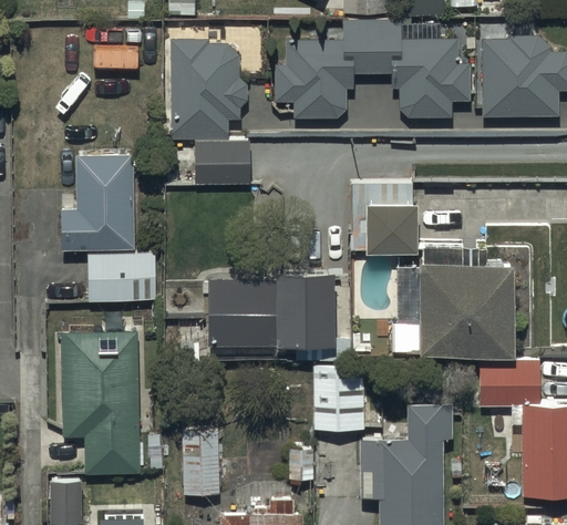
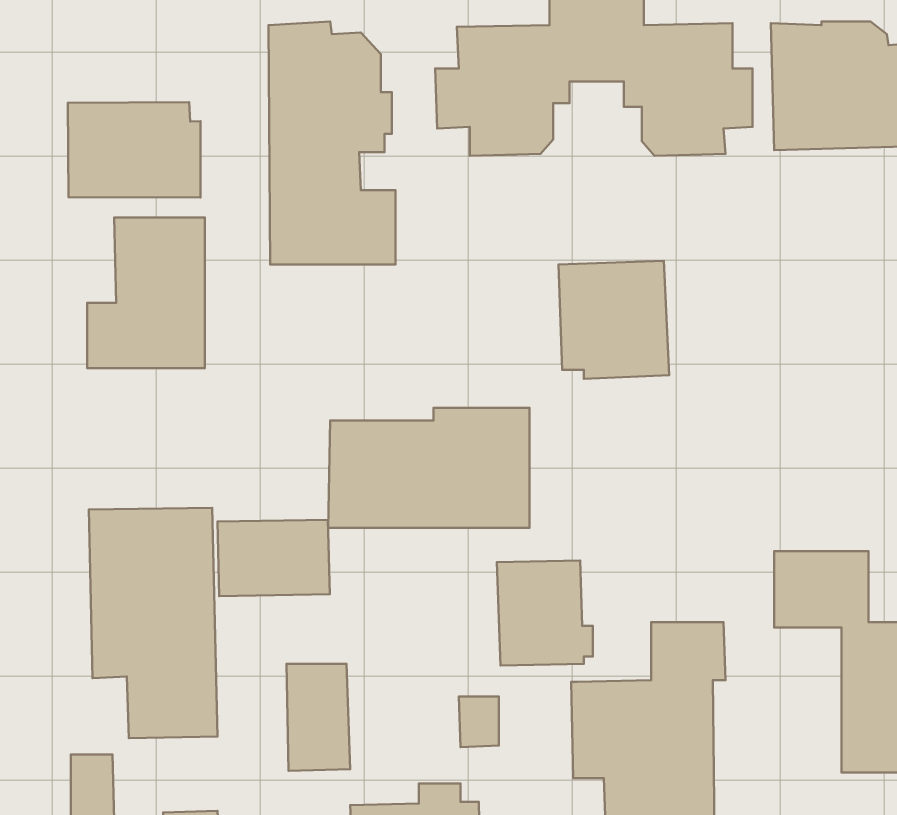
building: none -> [68,102,201,198]
building: [389,251,514,357] -> none
building: [90,255,158,301] -> [217,520,330,596]

